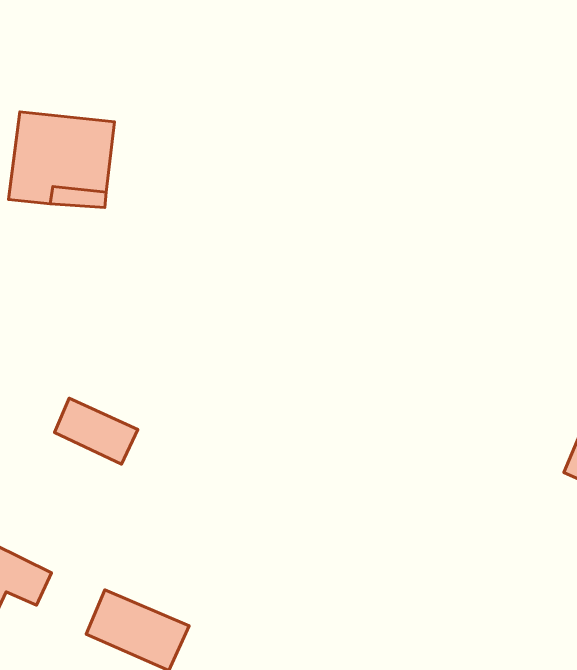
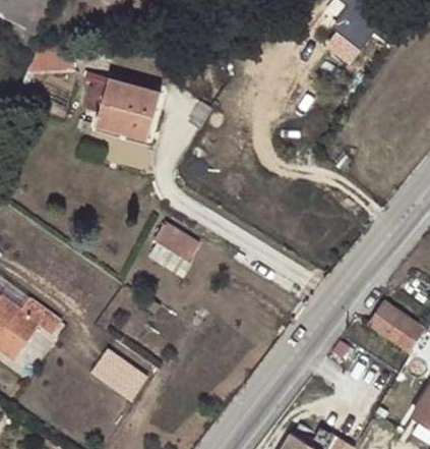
building: [55,398,138,464] -> [156,223,201,264]

